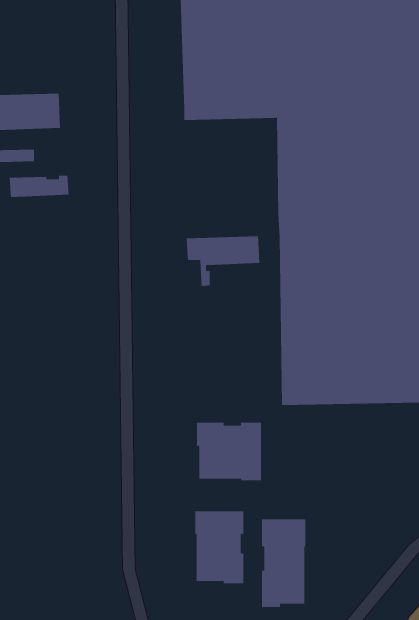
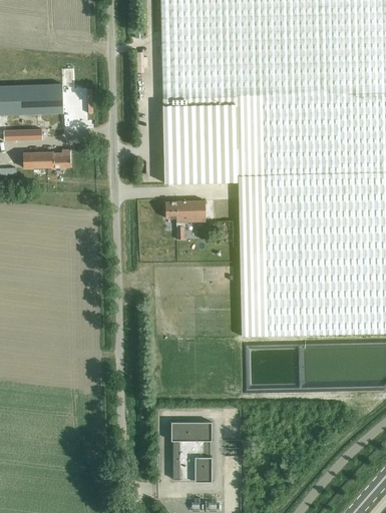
building: none -> [162,104,239,182]
building: [197,422,262,481] -> none
building: [262,518,306,608] -> none

